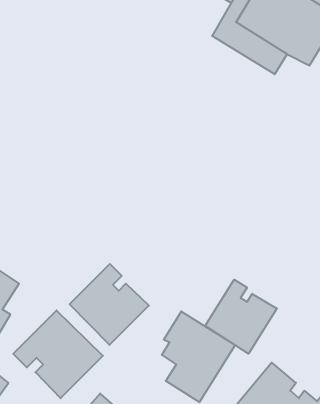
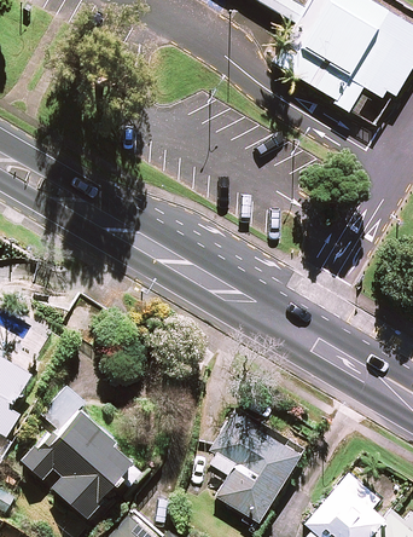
building: [70,264,149,345] -> none
building: [205,280,277,354] -> none

